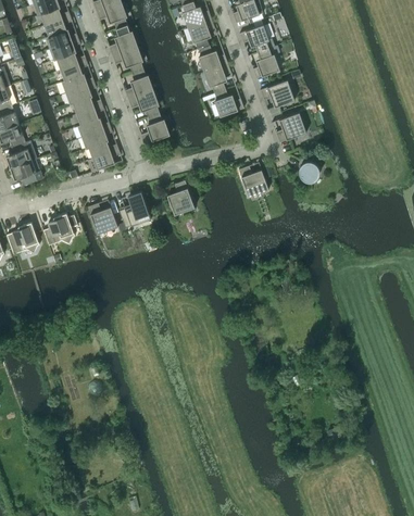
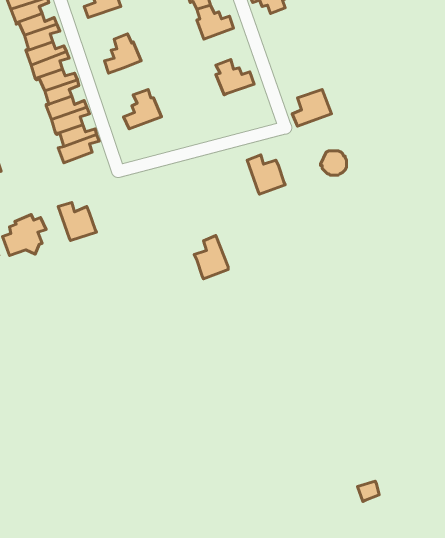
building: [111,46,142,72] -> none
building: [251,47,278,78] -> none
building: [203,63,230,92] -> none
building: [259,79,293,106] -> none
building: [127,89,159,116] -> none
building: [166,179,193,214] -> [194,235,228,279]
building: [118,190,151,227] -> none

